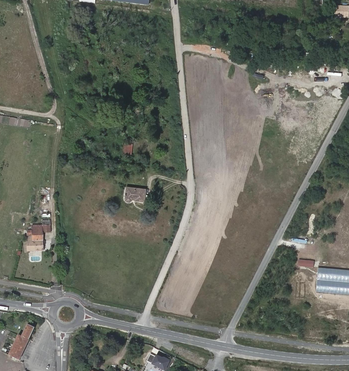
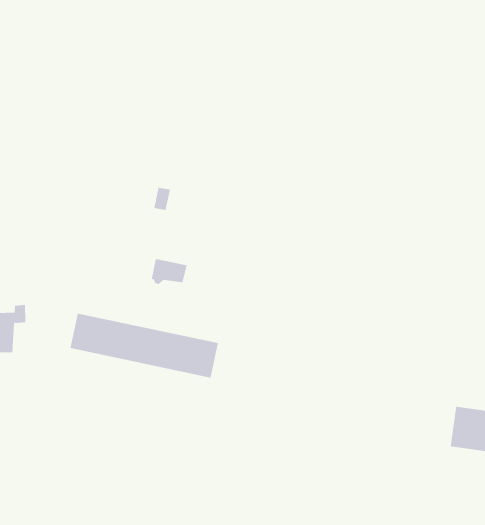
building: none -> [70,313,218,378]

